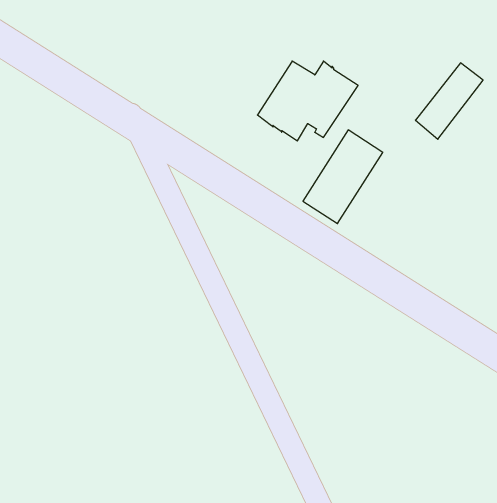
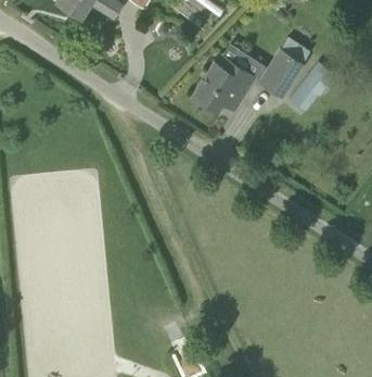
building: [303,130,383,224] -> [259,38,309,97]

